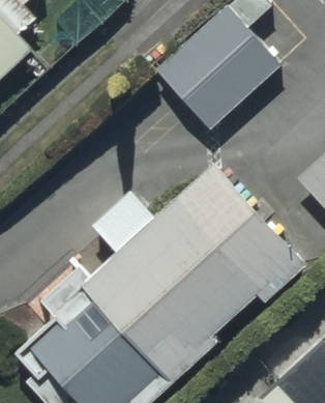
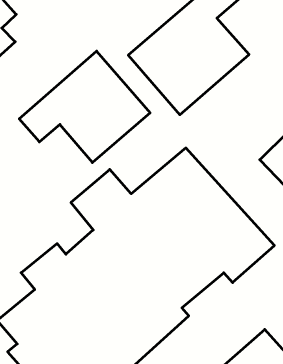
building: none -> [19,51,150,163]

